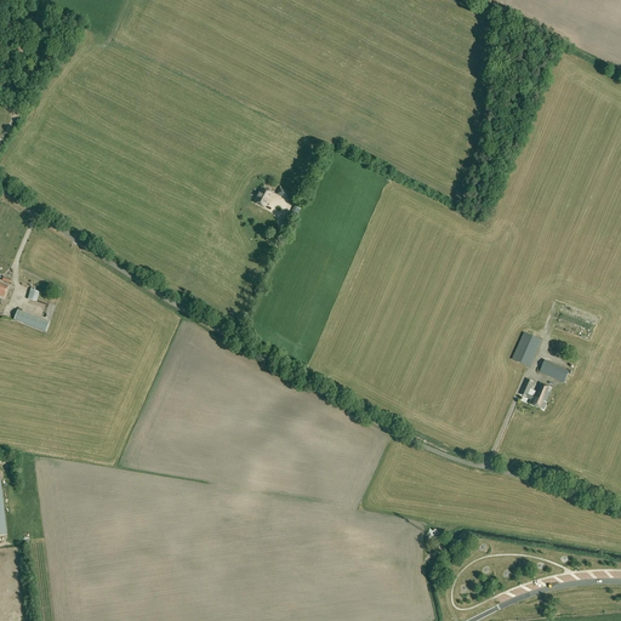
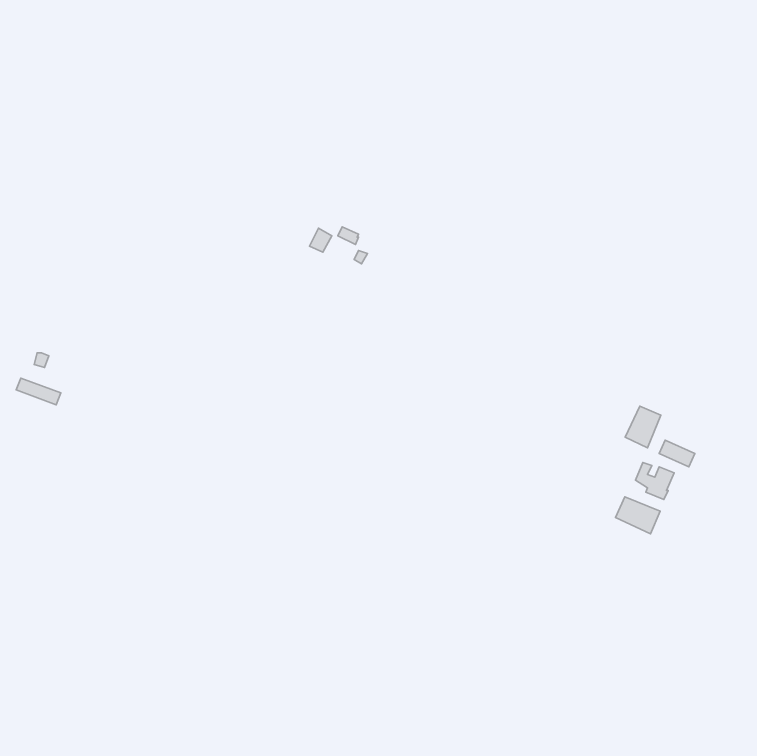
building: none -> [616,497,660,534]

